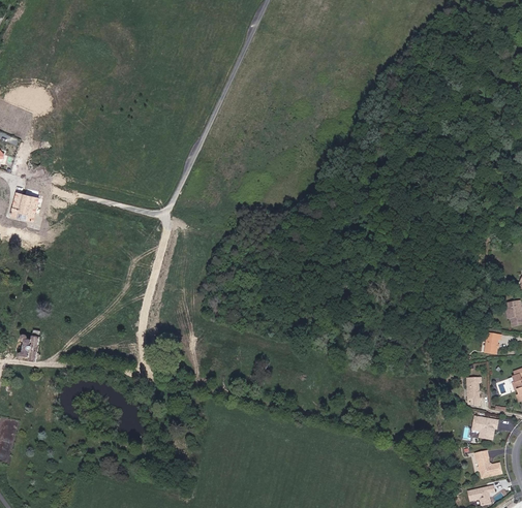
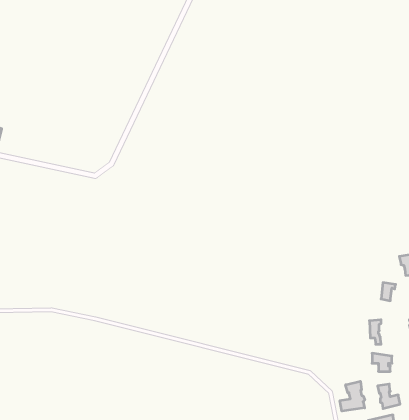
building: none -> [340,381,365,411]

